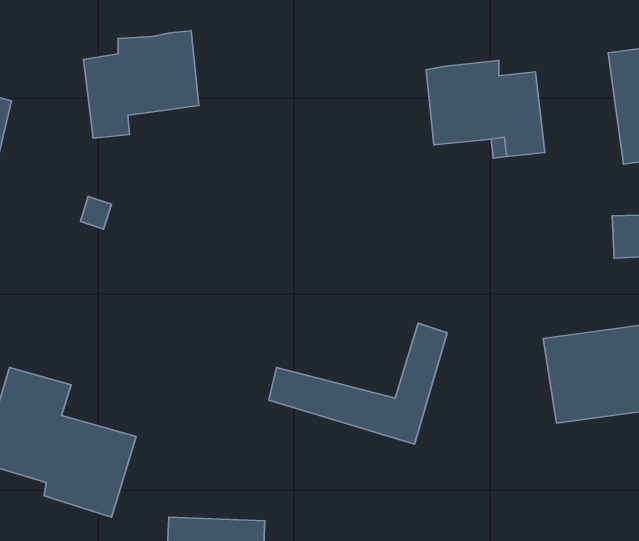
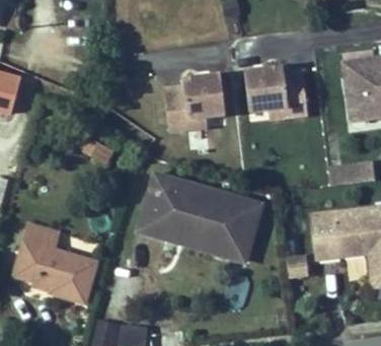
building: [84,31,199,138] -> [165,74,226,131]
building: none -> [131,179,242,247]

